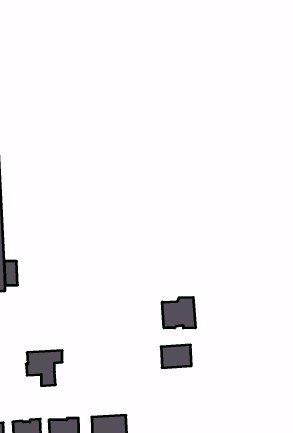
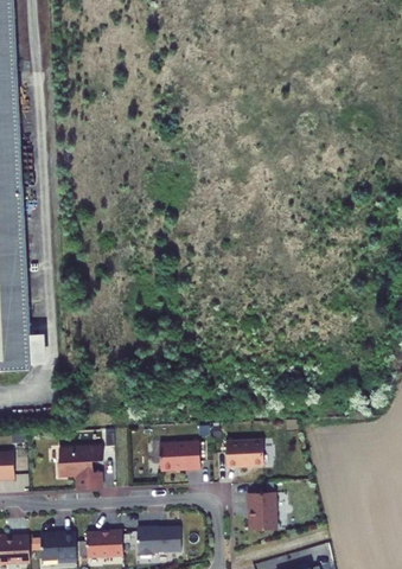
building: [162,297,195,328] -> none
building: none -> [157,442,198,469]
building: none -> [244,492,274,530]

